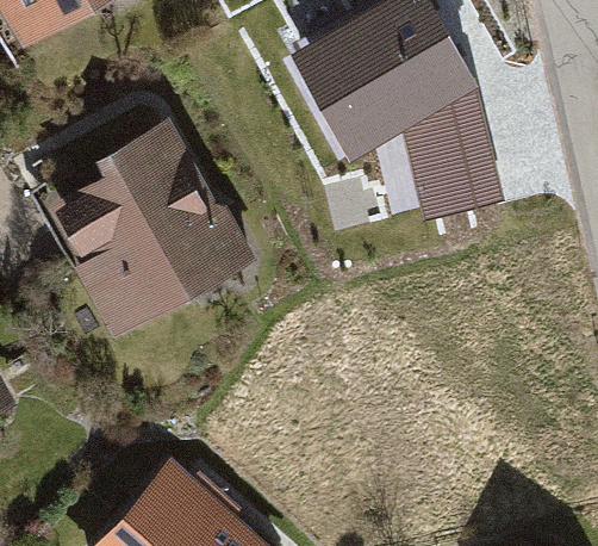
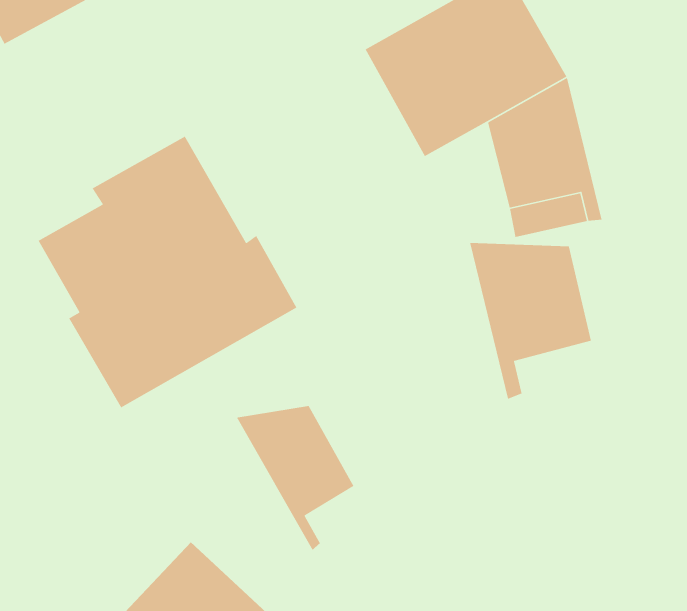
building: none -> [469,242,592,400]
building: none -> [236,405,355,551]

